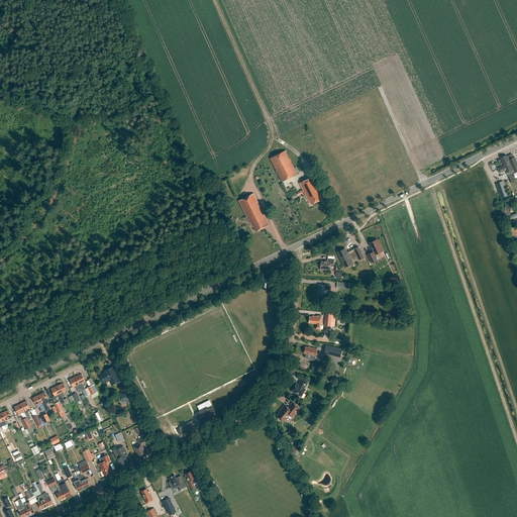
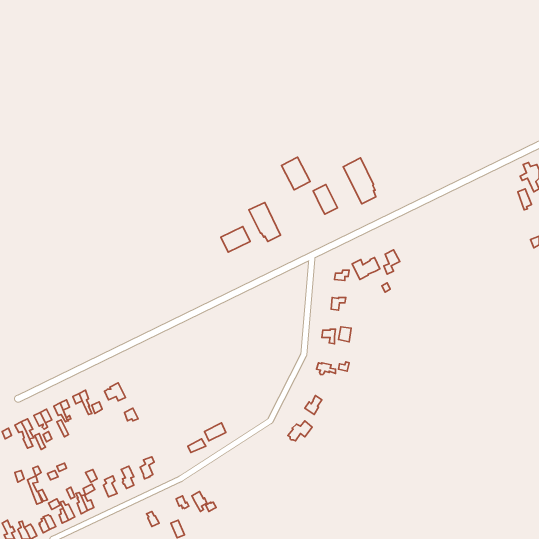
building: none -> [343,158,376,204]
building: none -> [221,227,250,252]

